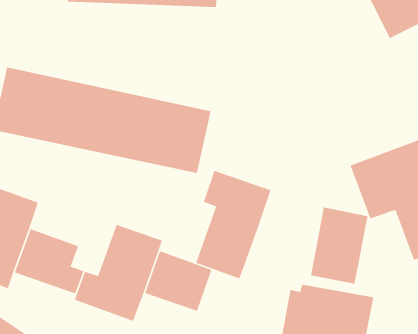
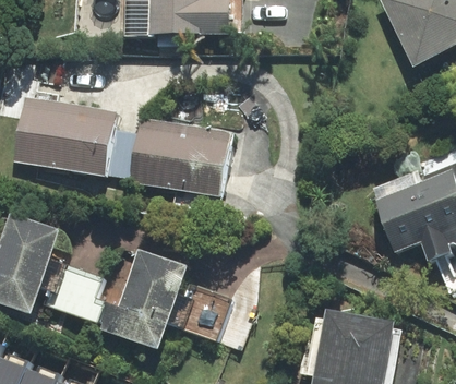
building: [195,170,271,280] -> none
building: [310,207,369,284] -> none

